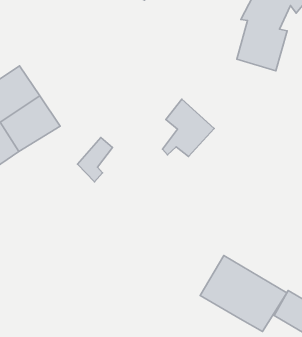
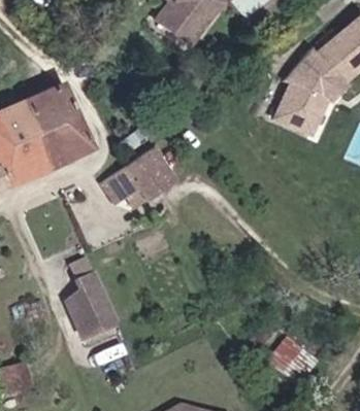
building: [162,99,214,157] -> [124,149,176,205]
building: none -> [71,271,122,335]
building: [200,256,287,331] -> none

